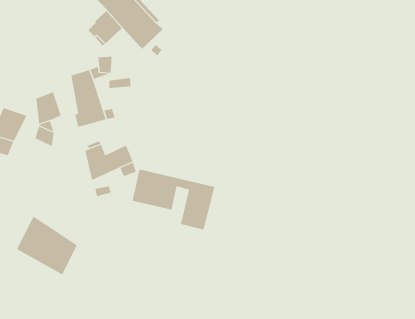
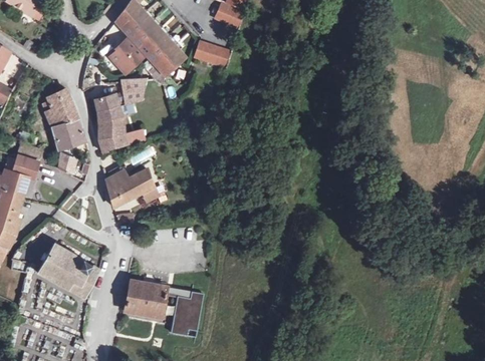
building: none -> [195,46,227,69]
building: none -> [43,91,75,125]
building: [132,169,215,230] -> [122,276,205,337]

